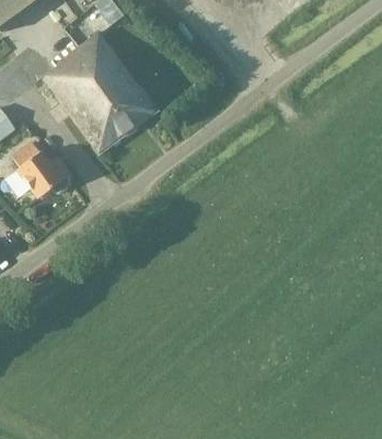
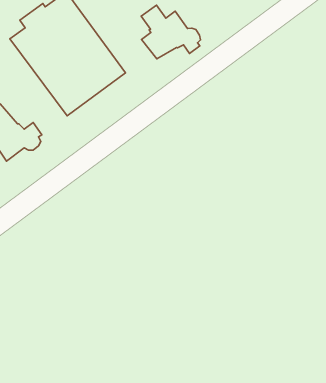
building: none -> [141,5,200,59]

